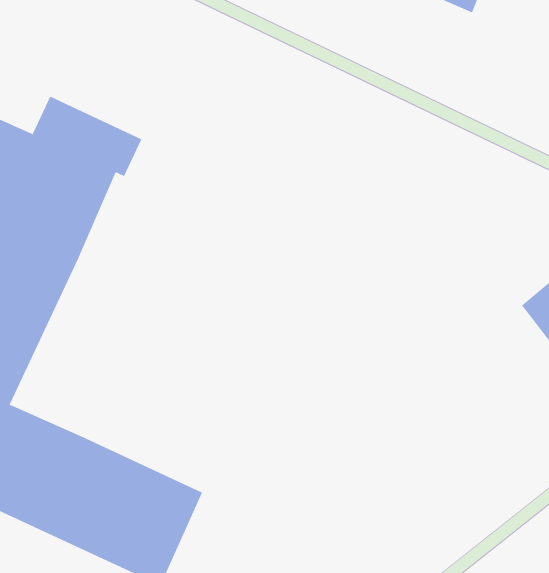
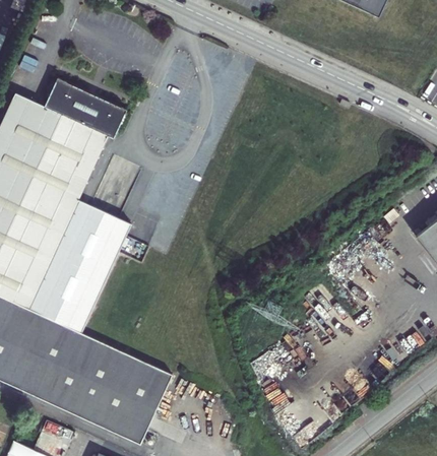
building: none -> [28,200,132,332]

